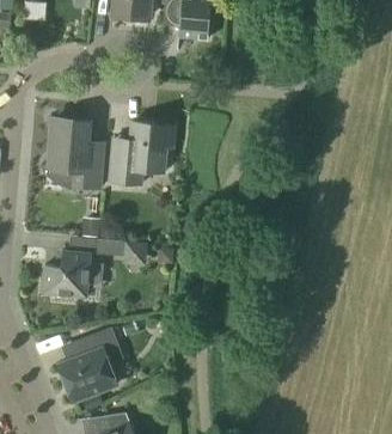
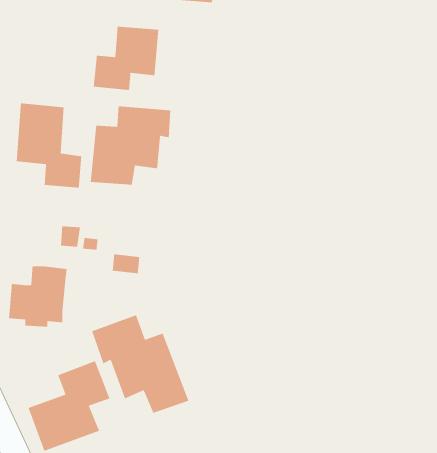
building: none -> [93,26,159,91]
building: none -> [91,314,189,414]

